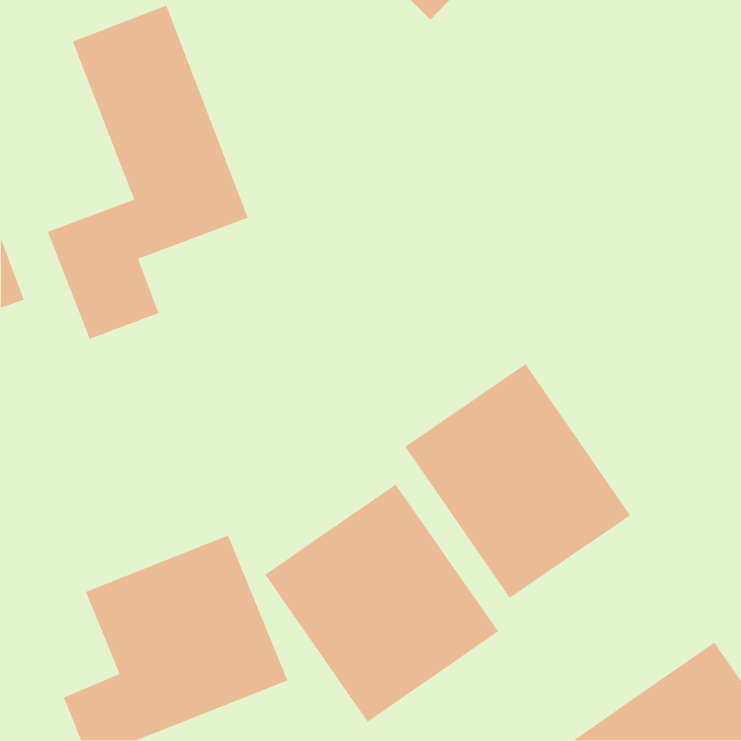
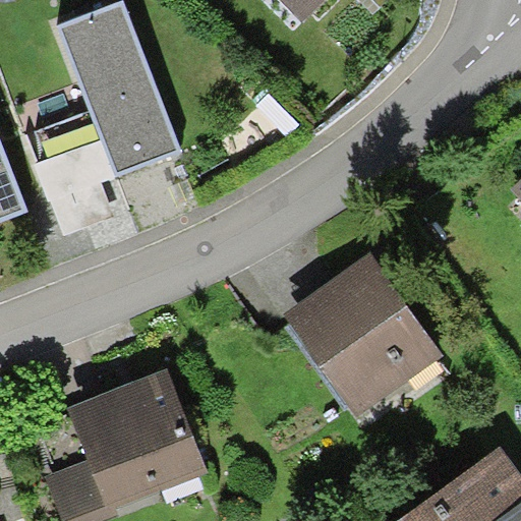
building: [264,483,499,723] -> none

